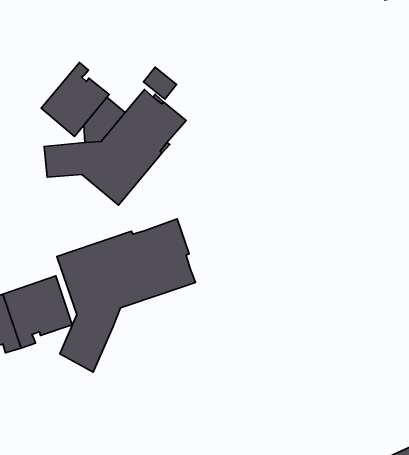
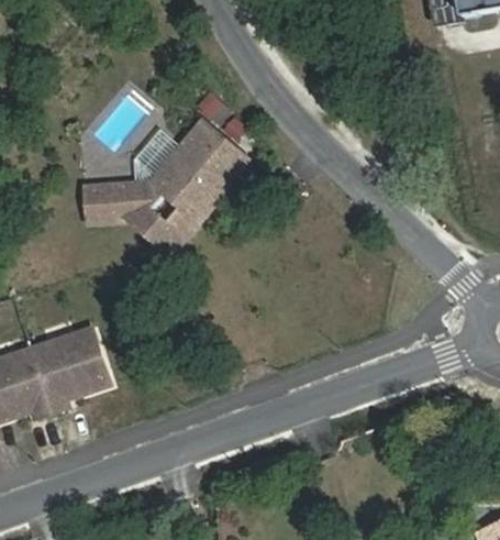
building: [41,63,109,136] -> none
building: [57,219,195,372] -> none

